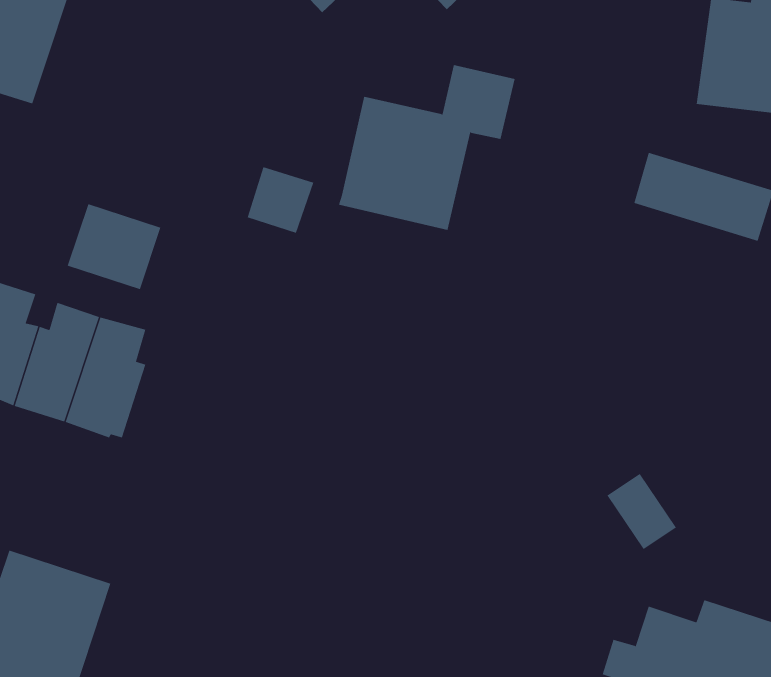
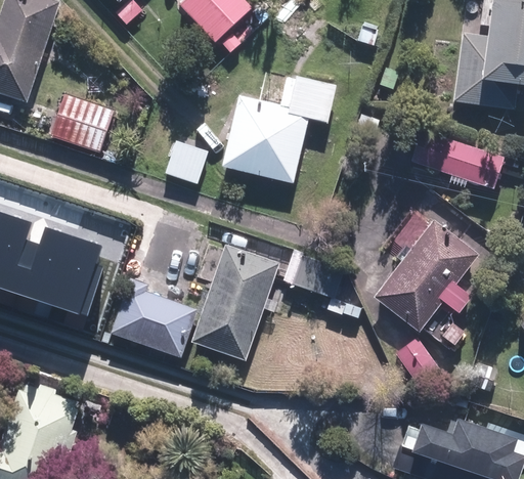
building: [67,203,161,290] -> [52,95,113,150]
building: none -> [374,218,478,331]
building: none -> [192,245,278,360]
building: none -> [112,284,199,356]

